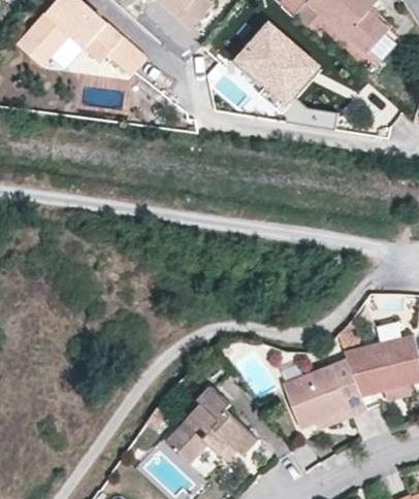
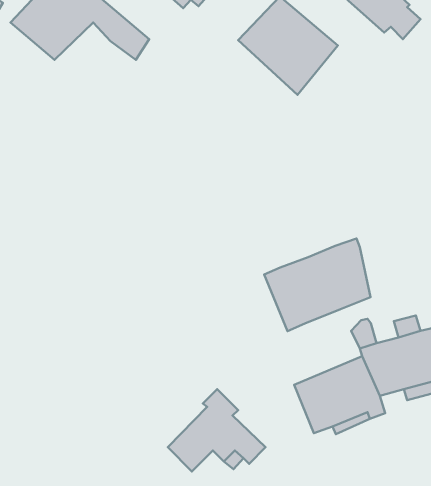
building: none -> [264,238,371,331]

